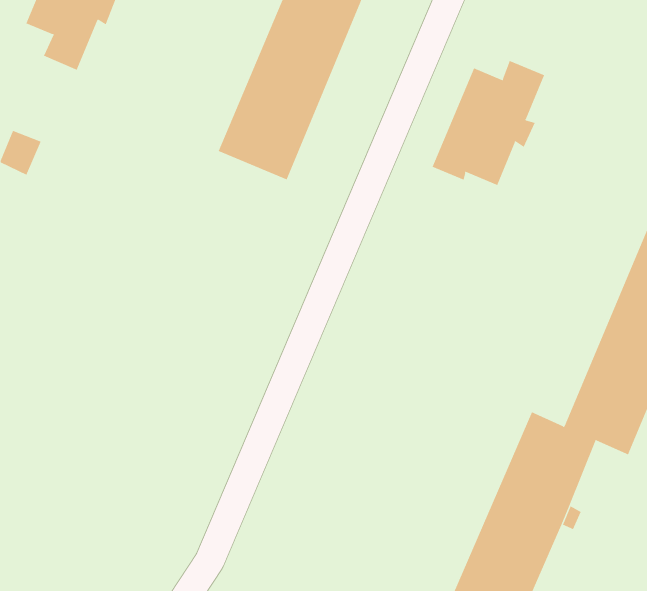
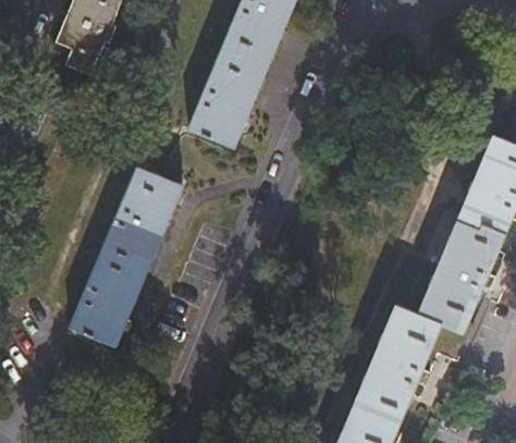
building: [432,60,545,186] -> none
building: none -> [69,165,181,346]

